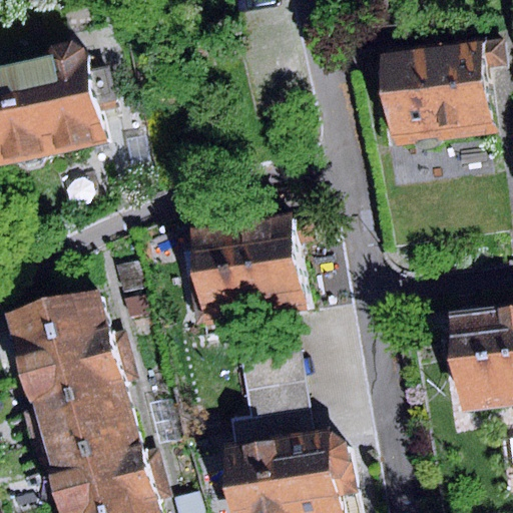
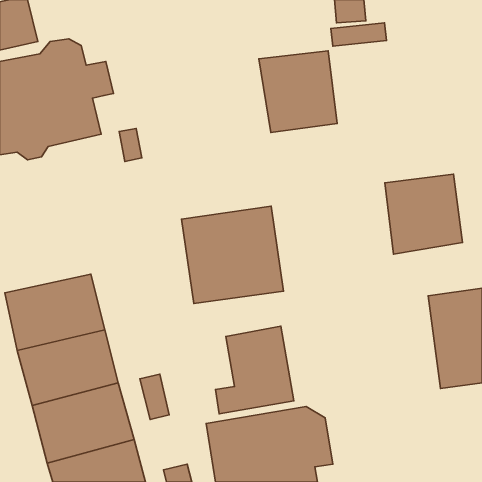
building: [382,38,505,147] -> none
building: none -> [259,51,337,132]
building: none -> [385,174,463,254]

